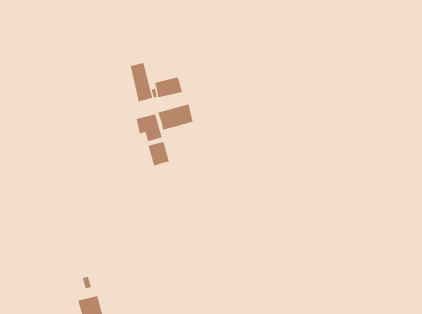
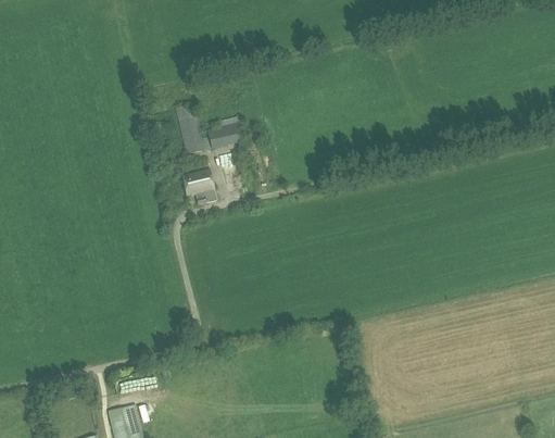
building: [157,103,193,130] -> none
building: [148,141,169,167] -> none

